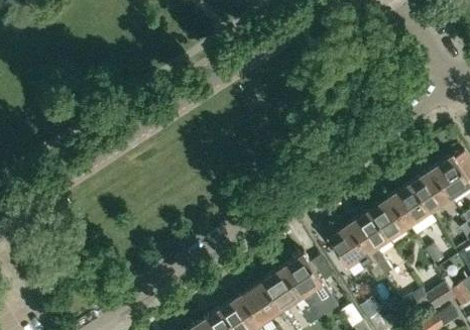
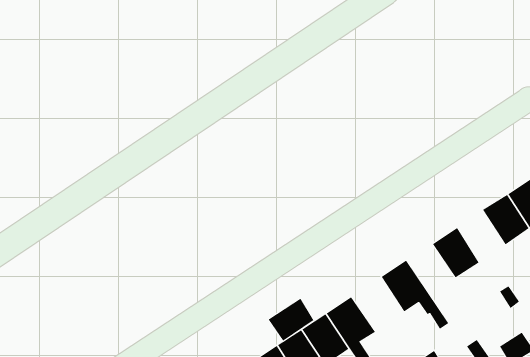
building: [391,182,431,225] -> none
building: [349,210,392,276] -> none
building: none -> [268,298,314,341]

